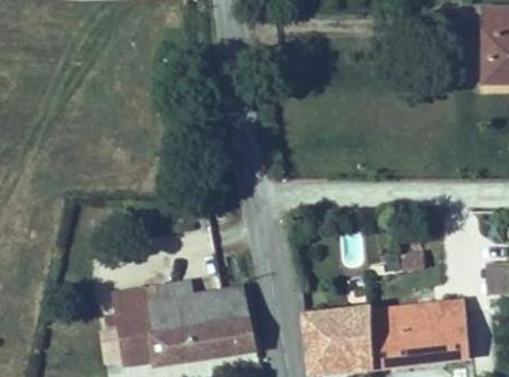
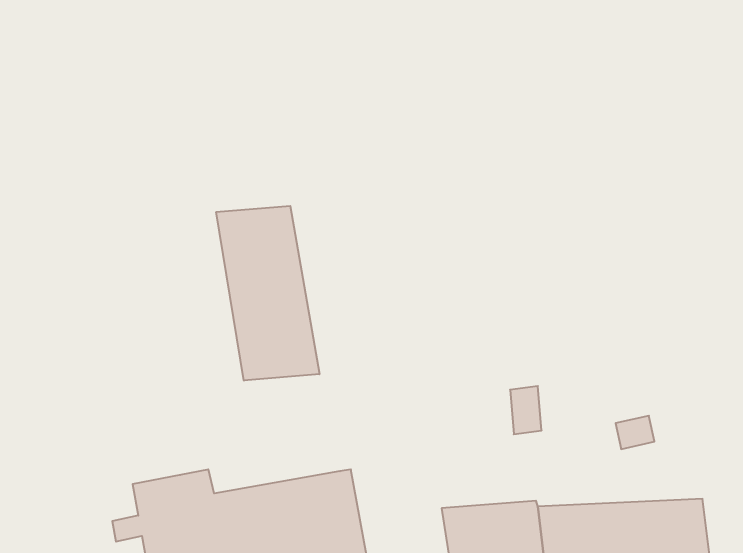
building: none -> [216,206,319,381]

